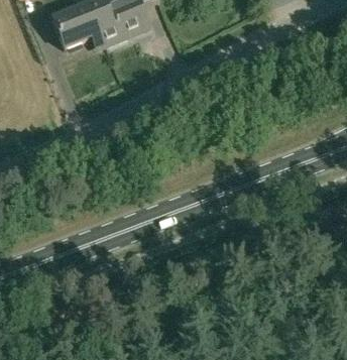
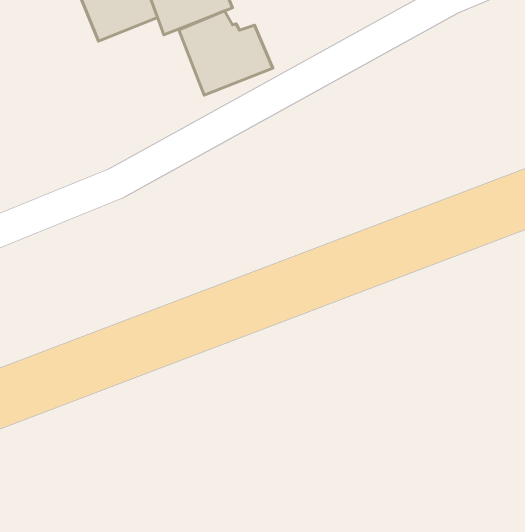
building: none -> [179,11,273,95]

